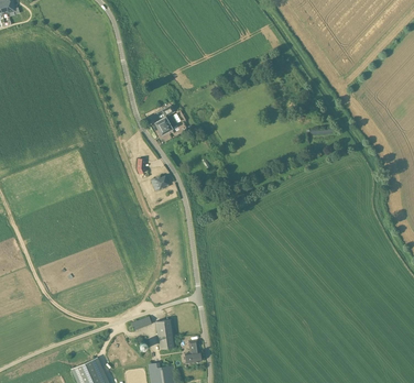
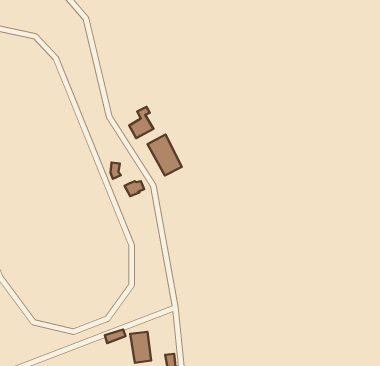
building: none -> [148,134,182,175]

